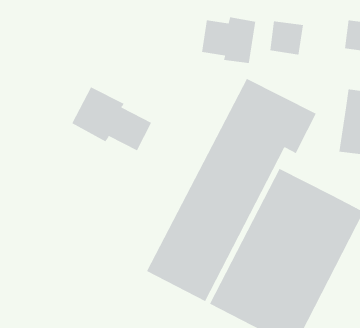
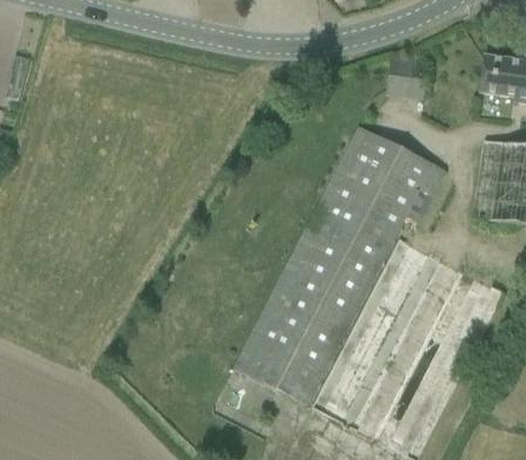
building: [202,16,256,64] -> none
building: [72,87,152,151] -> none

